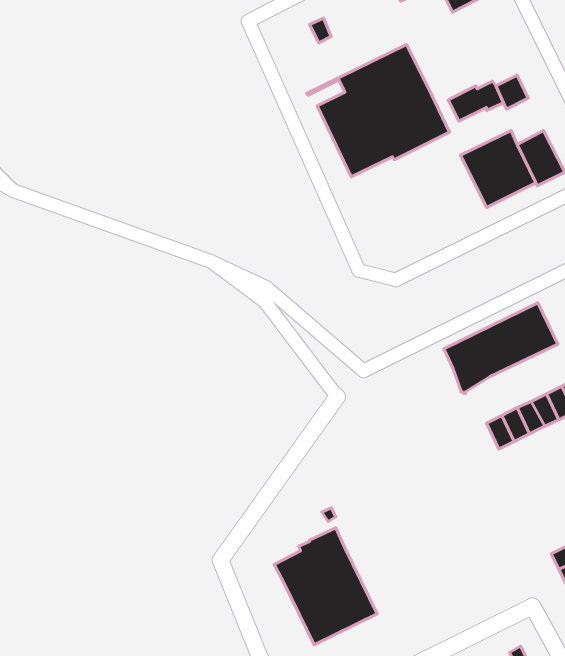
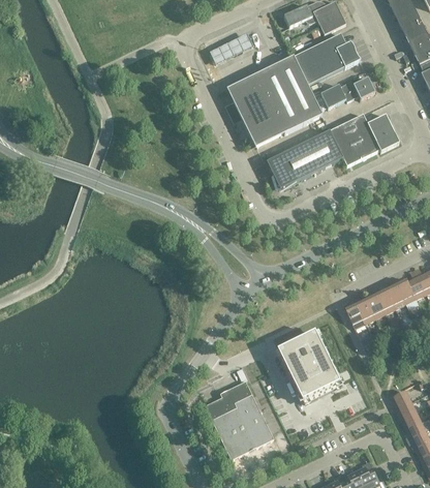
building: none -> [294,32,361,84]
building: [444,303,558,393] -> [267,129,343,190]
building: none -> [280,332,343,401]

